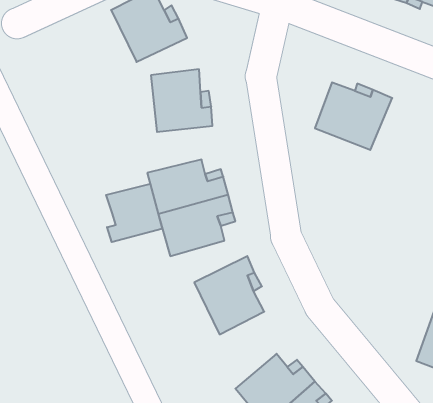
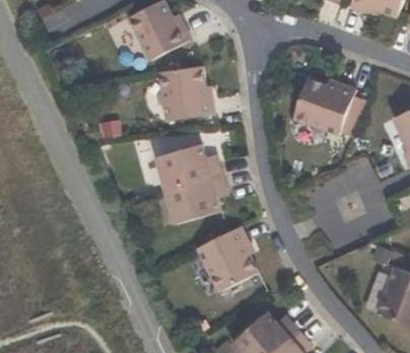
building: [106,184,162,242] -> none

